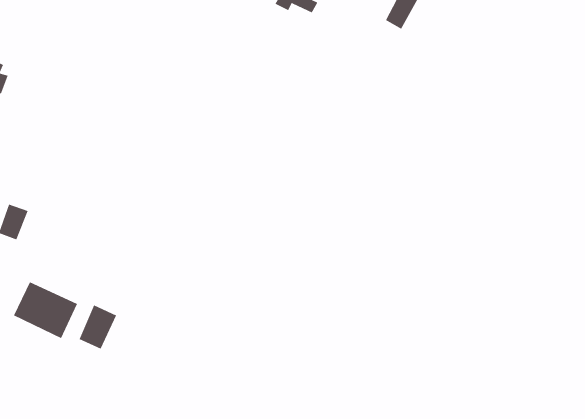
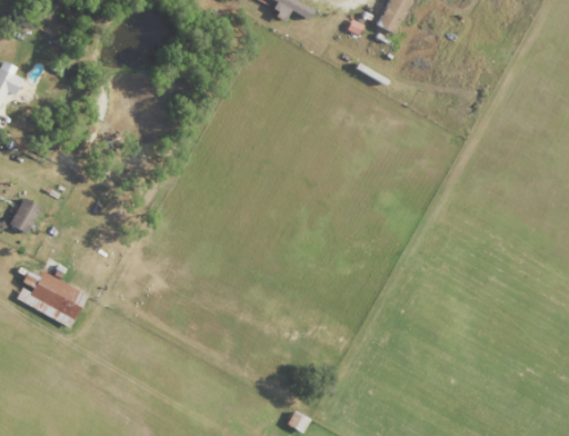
building: [79,304,117,349] -> none

